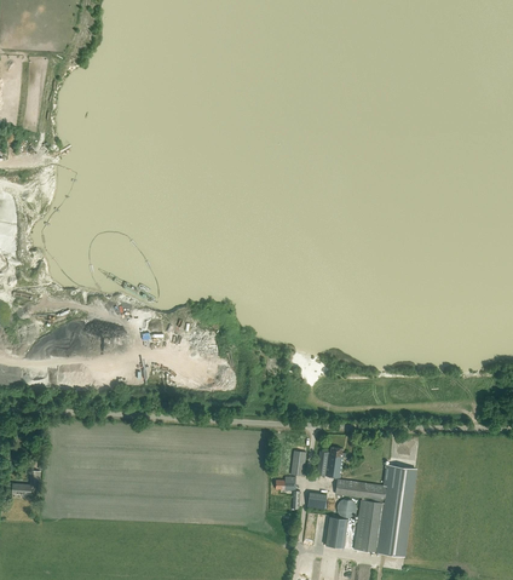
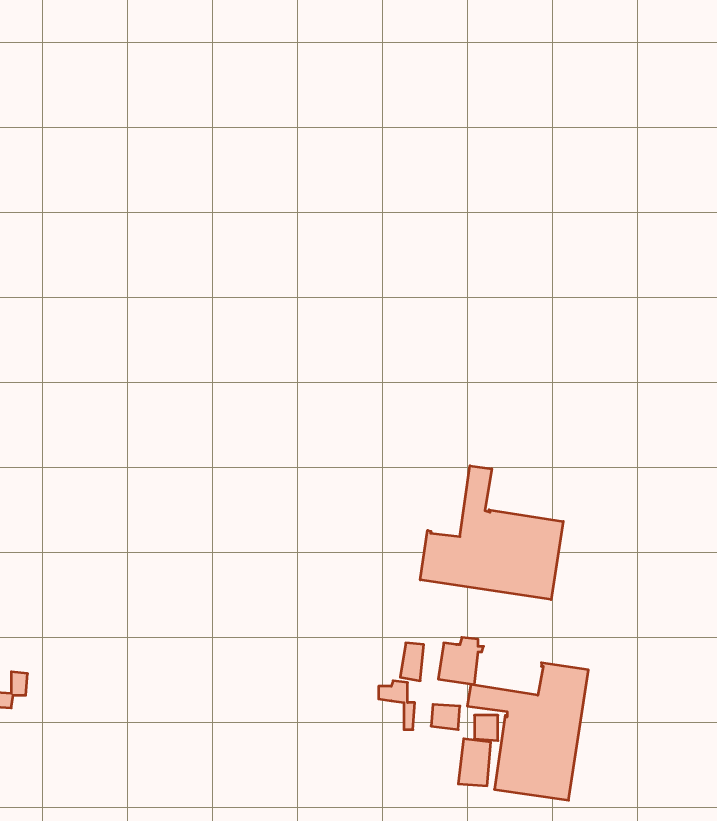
building: none -> [420,466,563,600]

